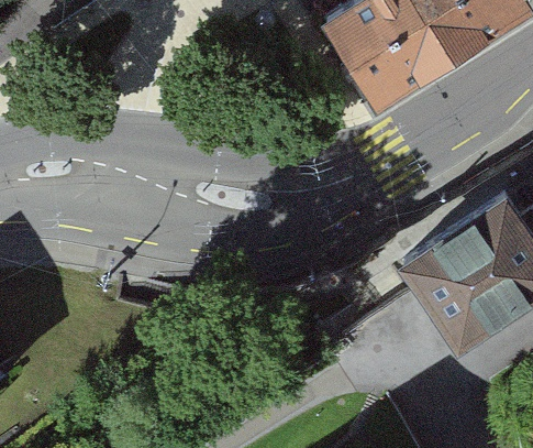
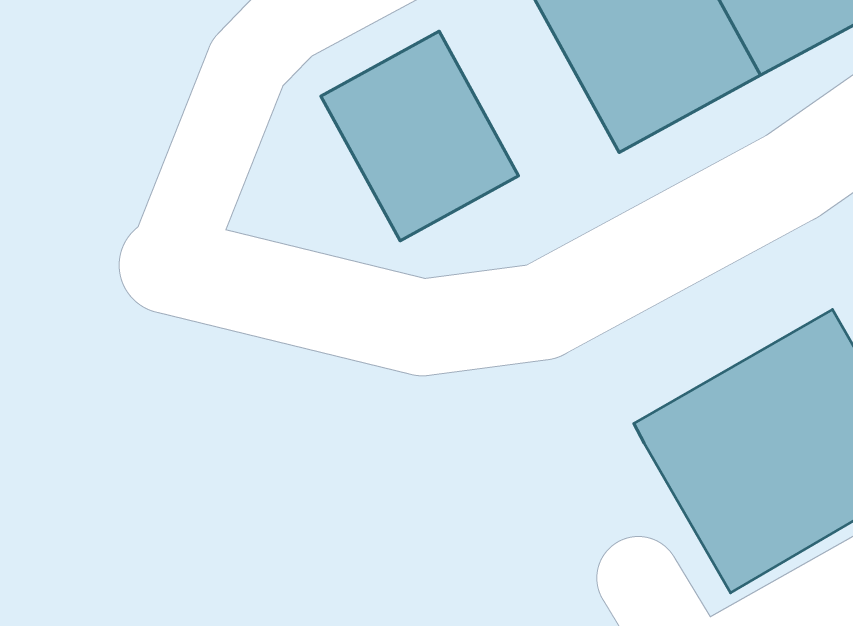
building: none -> [321,31,518,241]

